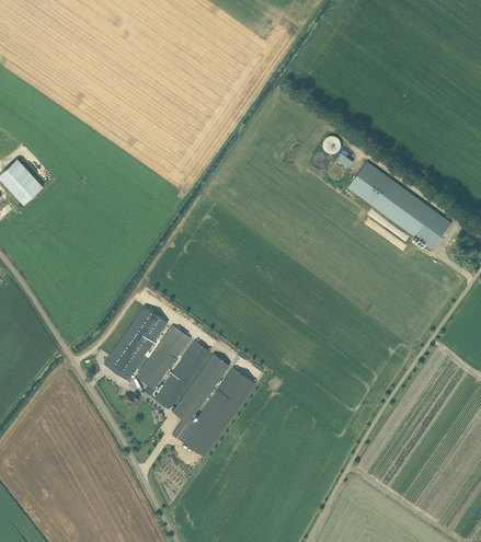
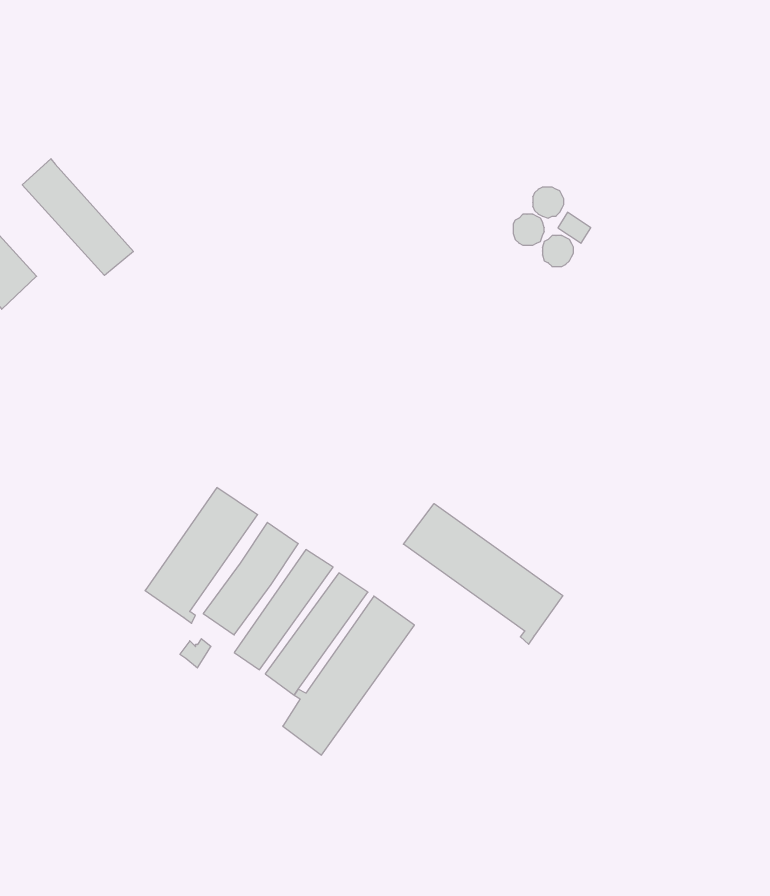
building: none -> [22,159,133,275]
building: [348,161,451,249] -> none
building: none -> [403,504,563,644]

